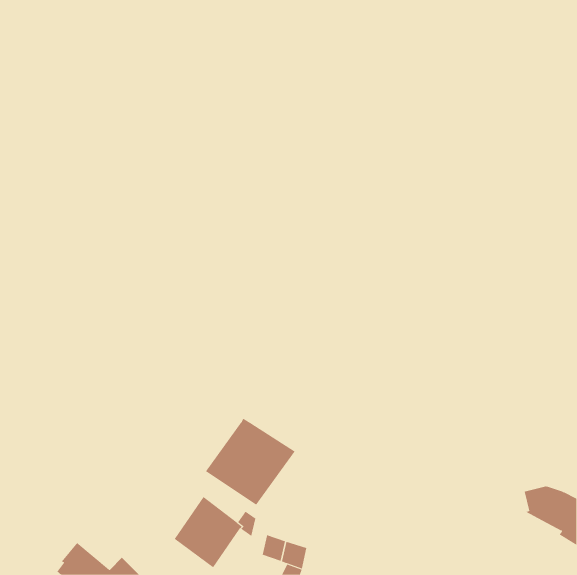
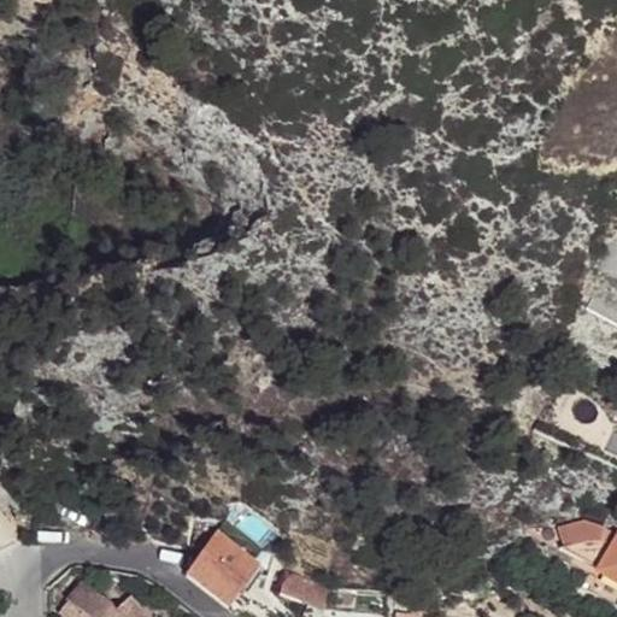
building: [205,418,295,505] -> none

